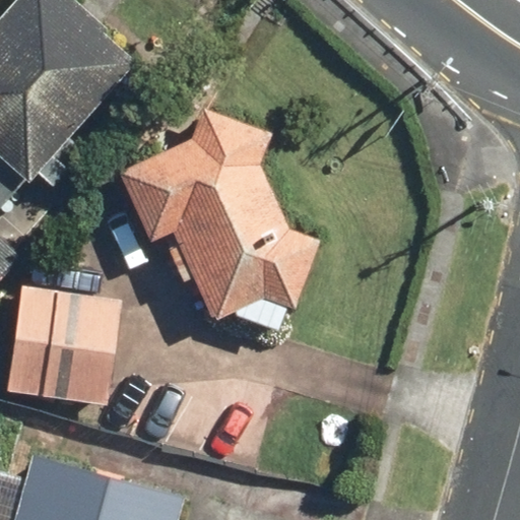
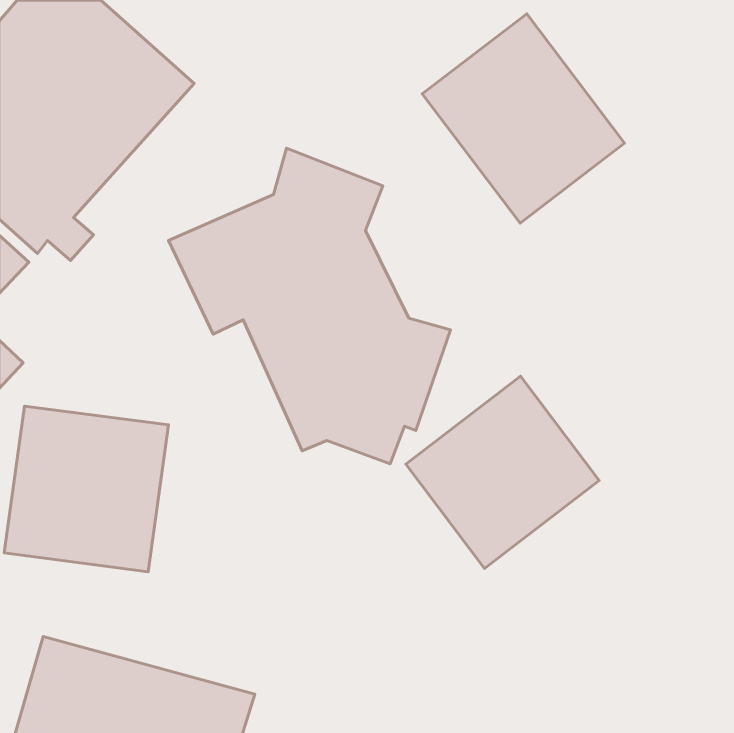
building: none -> [422,14,624,223]
building: none -> [406,376,599,568]

